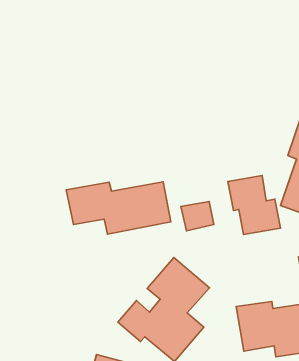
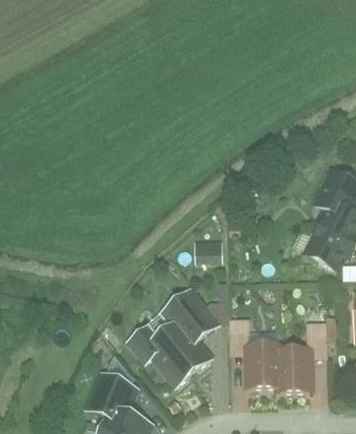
building: [228,176,280,234] -> none
building: [66,182,171,234] -> none

